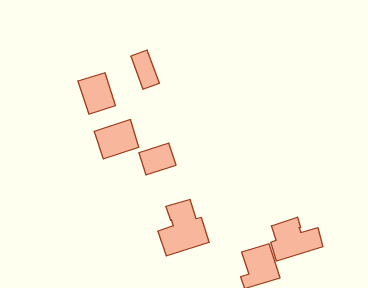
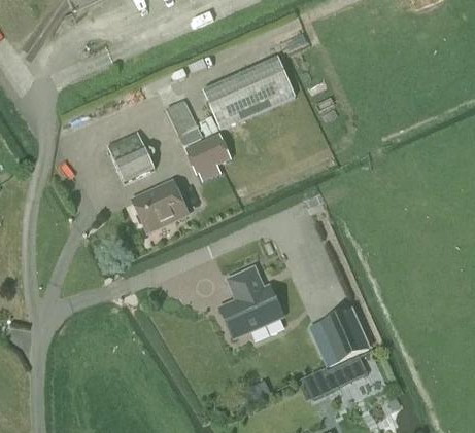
building: none -> [204,56,296,128]
building: [139,143,176,175] -> [186,133,232,173]
building: [271,217,323,261] -> none

